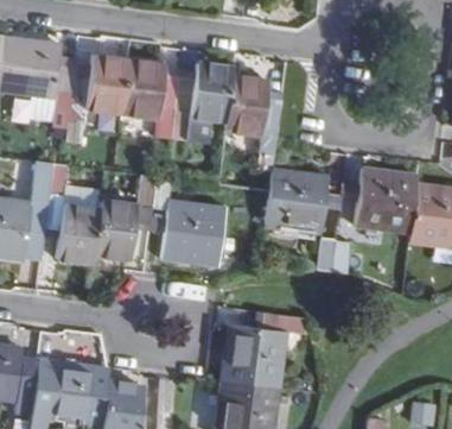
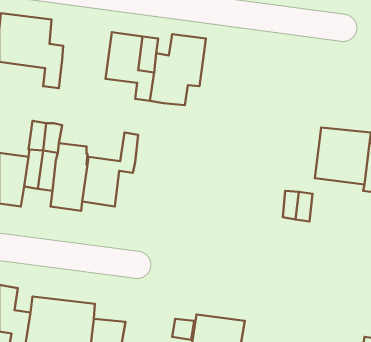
building: [65,56,127,143] -> none
building: [224,77,278,156] -> none
building: [266,169,327,233] -> none
building: [153,176,224,264] -> none
building: [222,314,308,385] -> none

